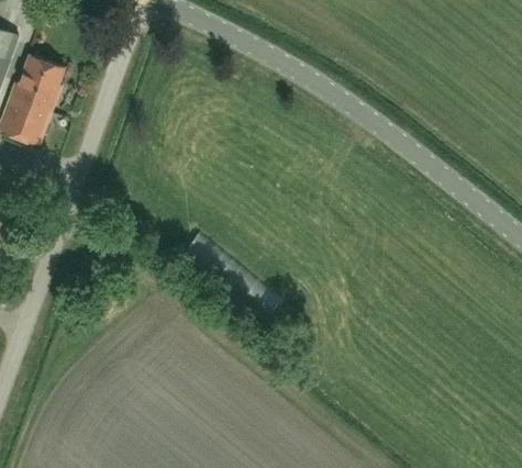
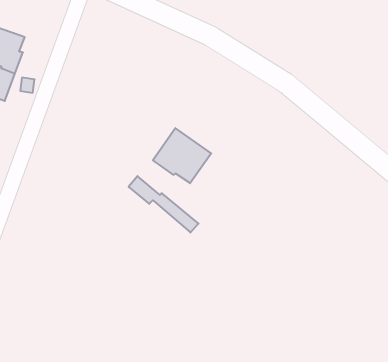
building: none -> [153,128,211,183]

